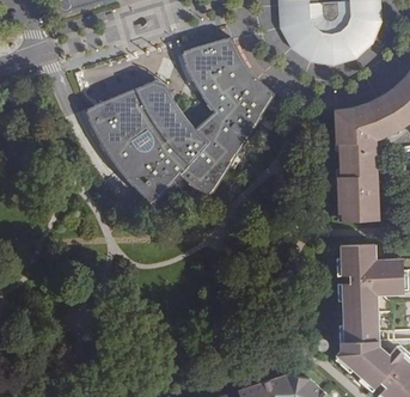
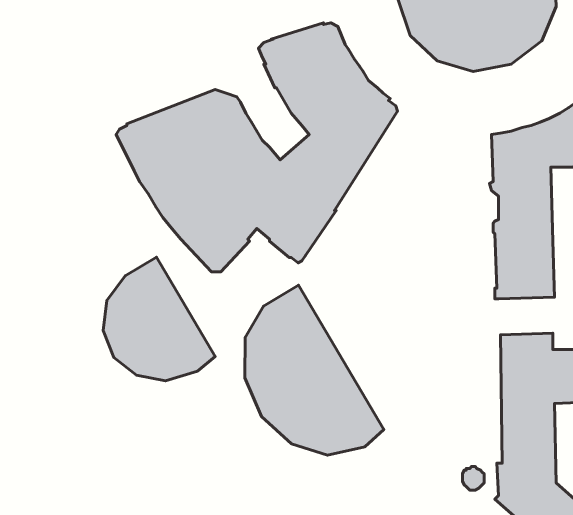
building: none -> [103,257,215,381]
building: none -> [245,285,384,455]

